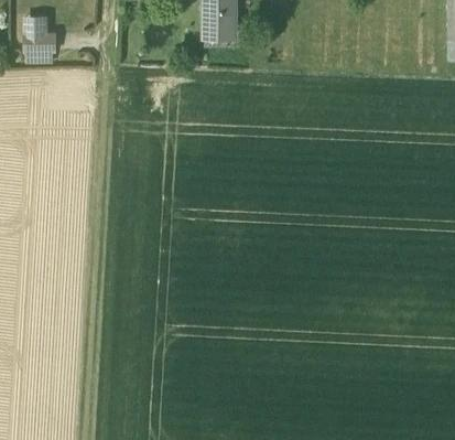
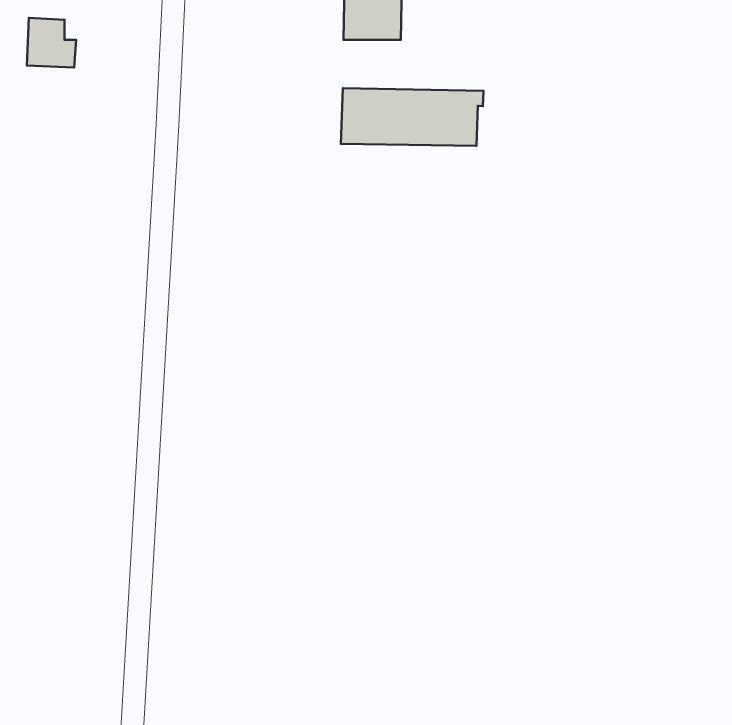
building: none -> [341,88,483,146]

